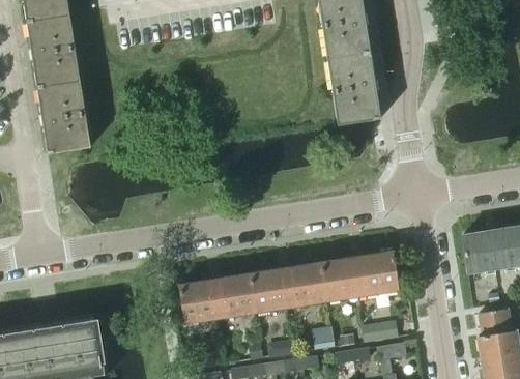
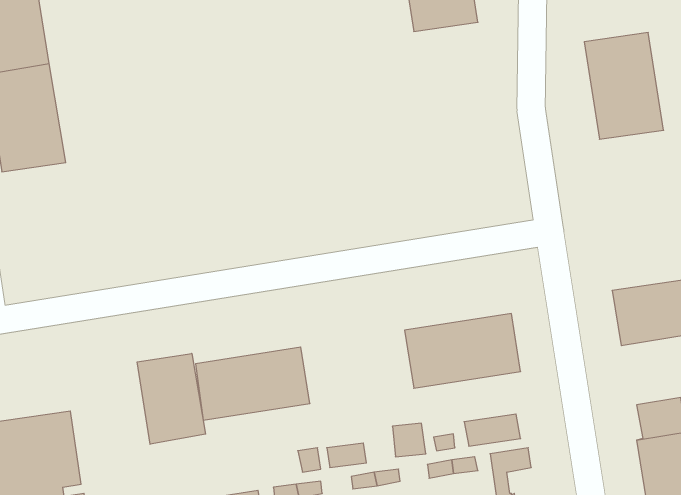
building: [327,53,381,125] -> [584,33,664,139]
building: [251,262,327,312] -> none
building: none -> [137,353,206,444]

